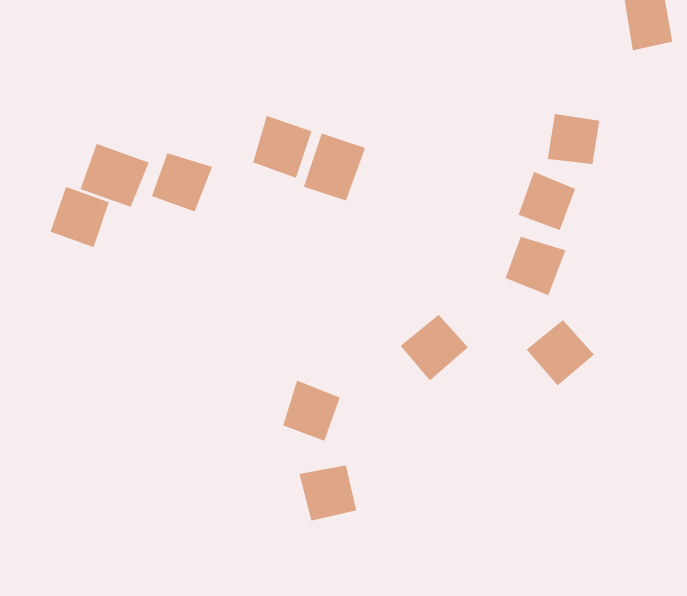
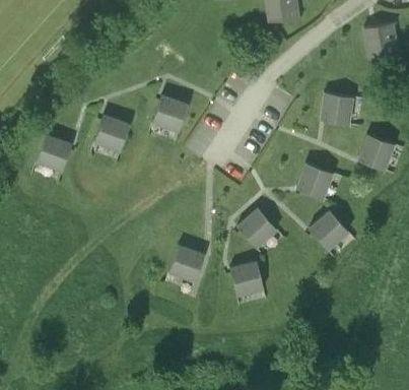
building: [303,133,366,202] -> none
building: [79,143,150,208] -> none
building: [518,171,576,231] -> [359,135,393,170]
building: [299,465,357,521] -> [230,262,264,295]

